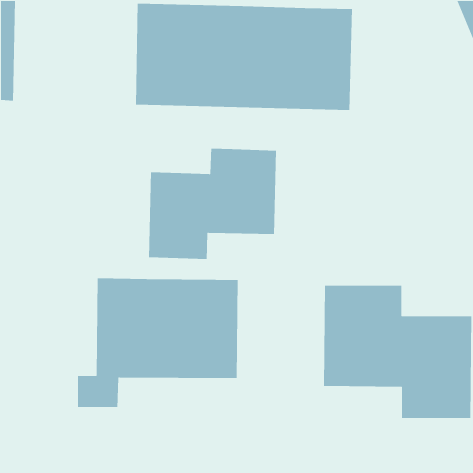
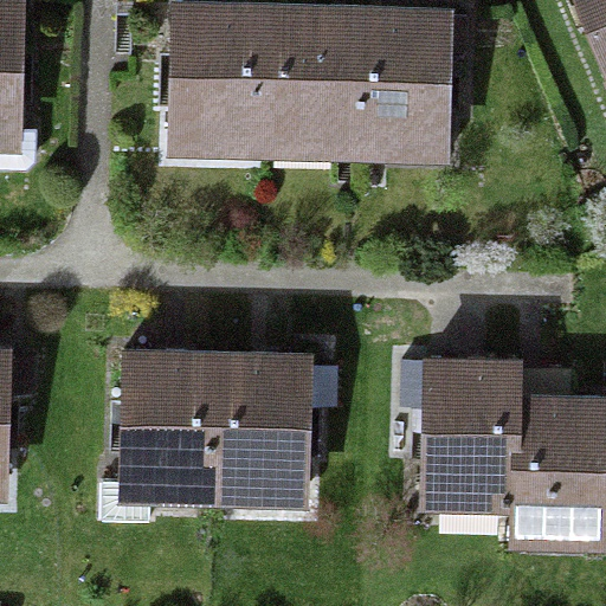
building: [148,148,277,260] -> none

